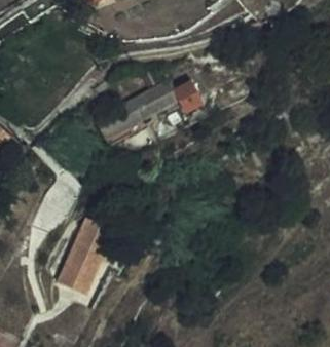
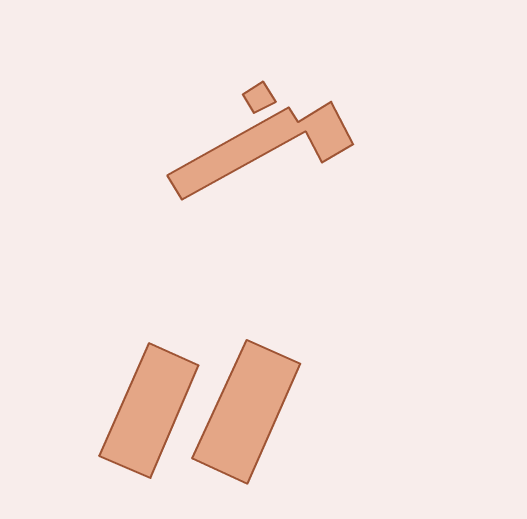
building: none -> [192,340,300,484]

